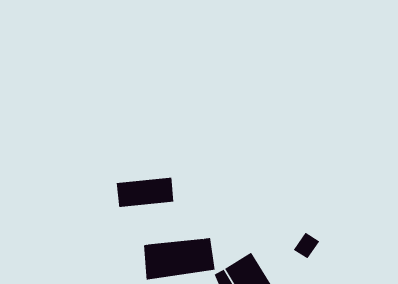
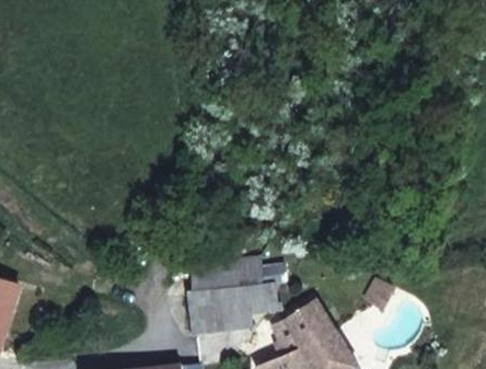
building: [116,177,174,207] -> [192,256,259,291]

